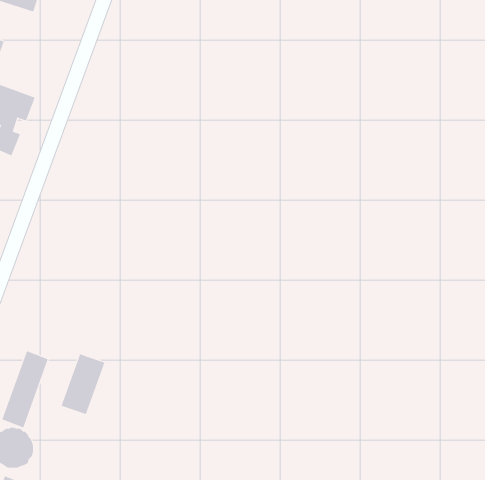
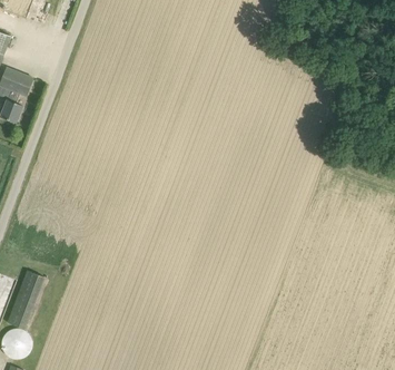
building: [61,354,105,415] -> none

